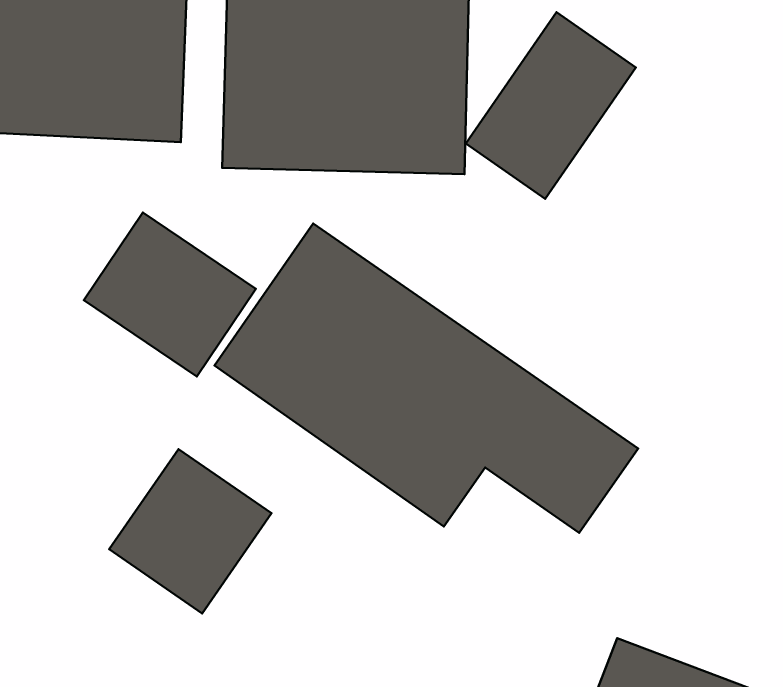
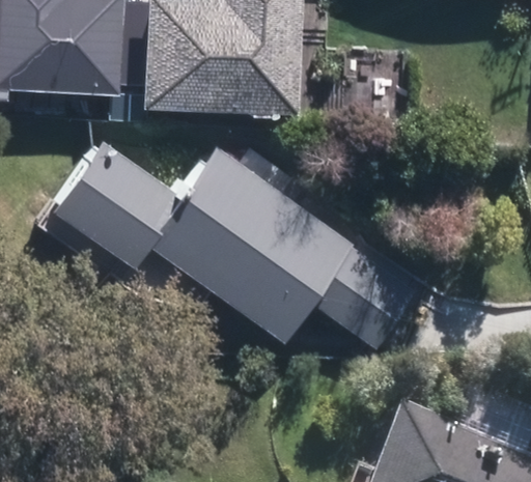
building: [466,12,636,199] -> none
building: [109,449,271,613] -> none

